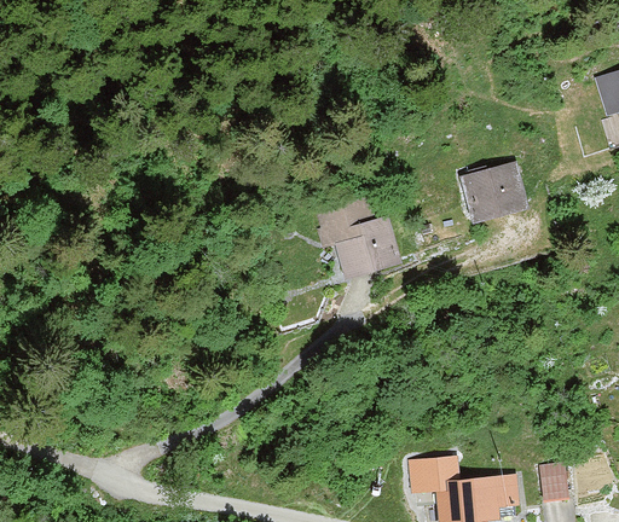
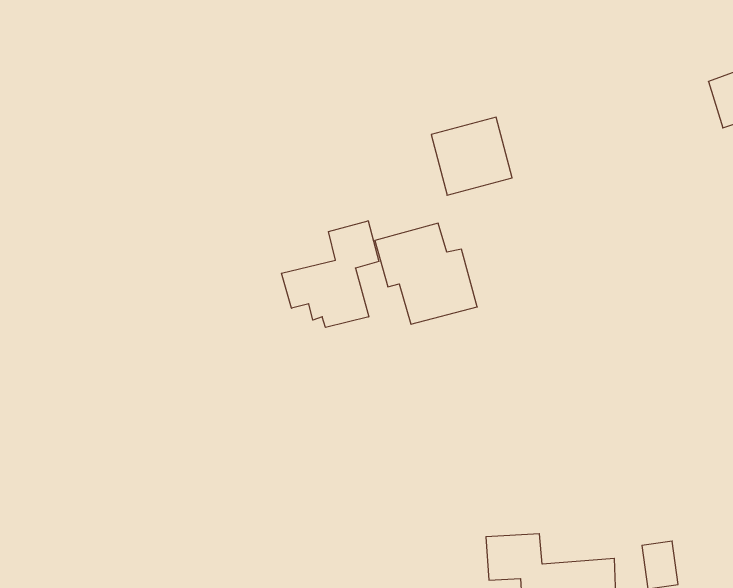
building: [461,160,528,225] -> [431,117,512,195]
building: none -> [281,221,379,327]

